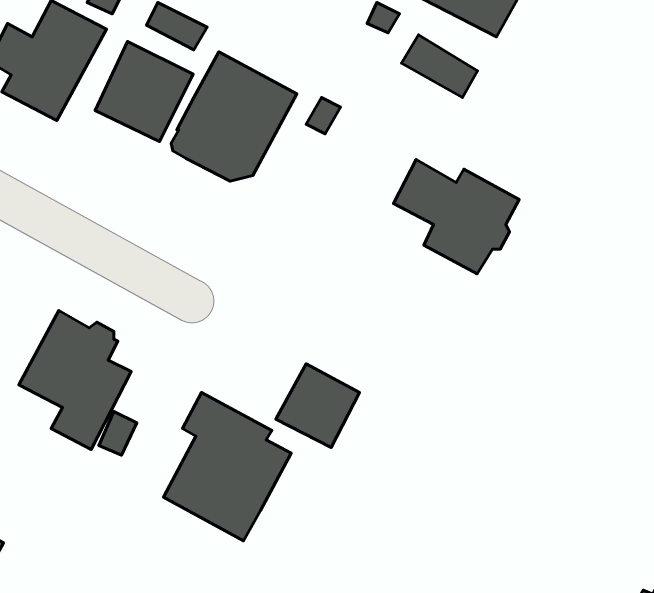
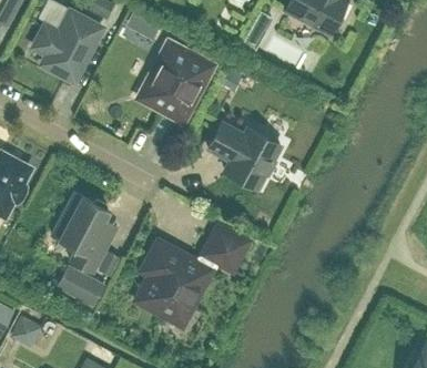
building: [95,41,193,141] -> none
building: [393,160,519,274] -> [207,122,281,188]
building: none -> [55,265,105,308]

